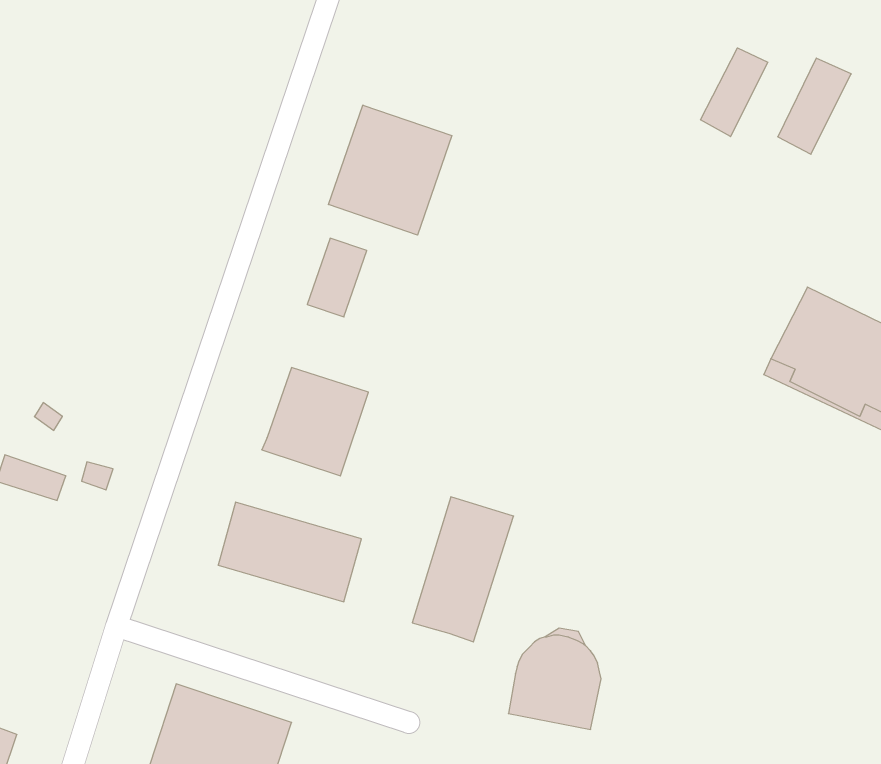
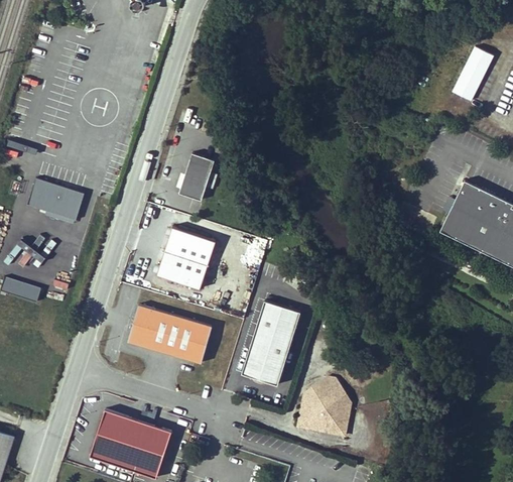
building: [701,48,768,137] -> none
building: [328,105,452,235] -> none
building: none -> [29,179,86,221]

